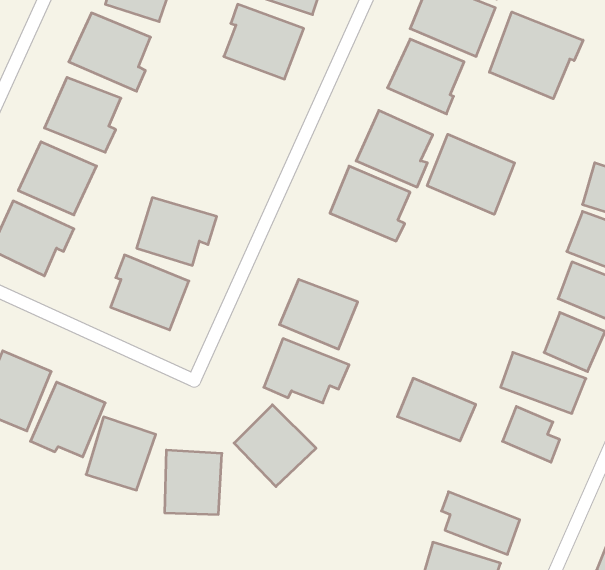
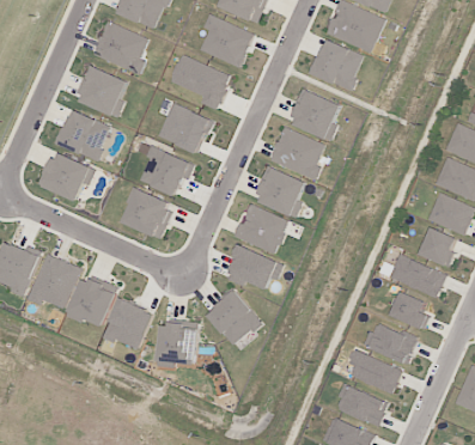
building: [489,12,583,99] -> none
building: none -> [170,56,230,110]
building: none -> [157,104,211,153]
building: [427,134,515,214] -> none
building: none -> [254,166,306,218]
building: [397,378,476,441] -> [363,321,416,364]

